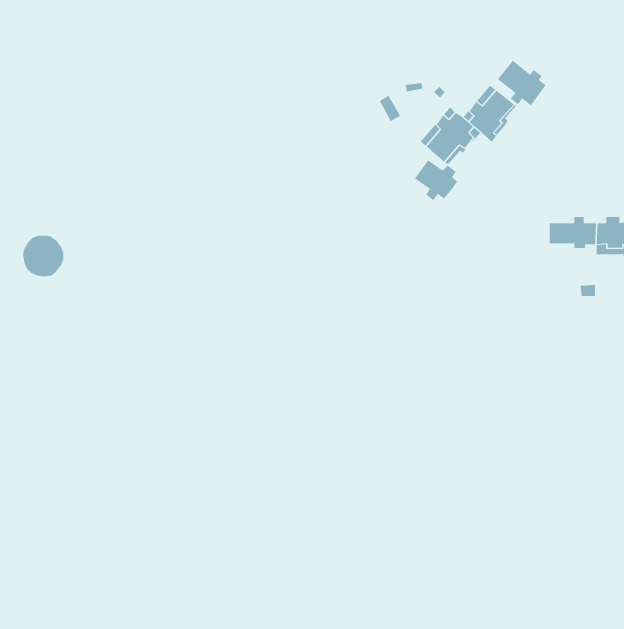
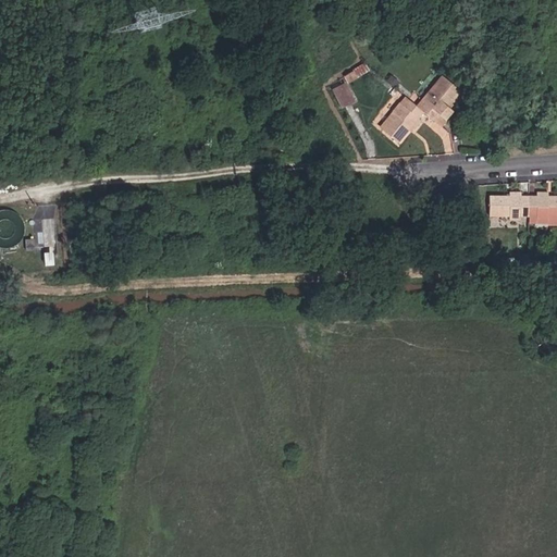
building: [497,60,547,106] -> none
building: [414,160,458,201] -> none

